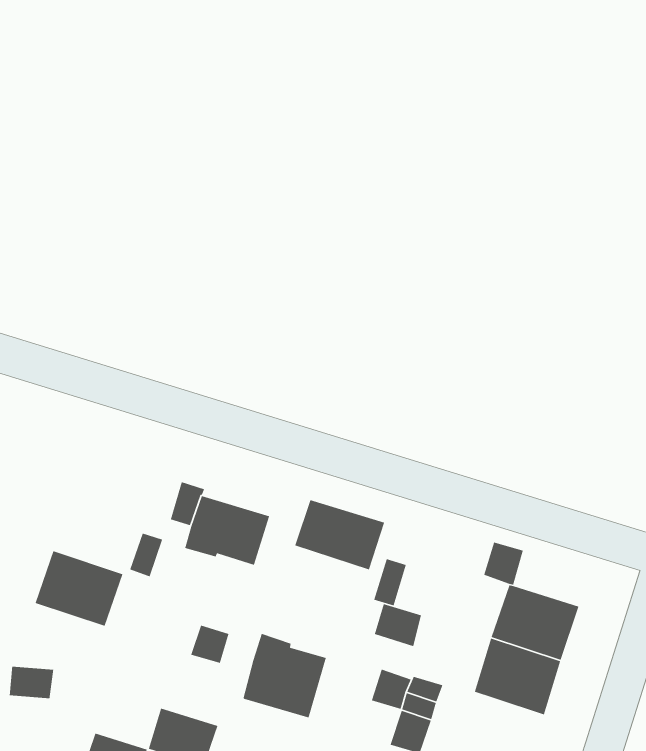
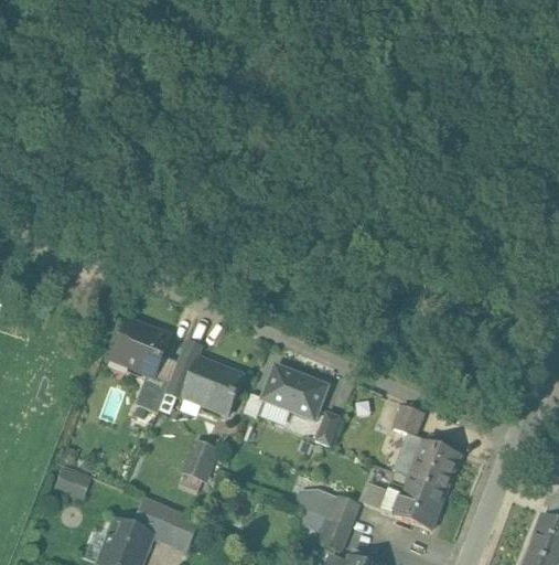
building: [34,550,124,627] -> [108,320,172,376]
building: [374,603,422,647] -> none
building: [243,633,327,719] -> none

